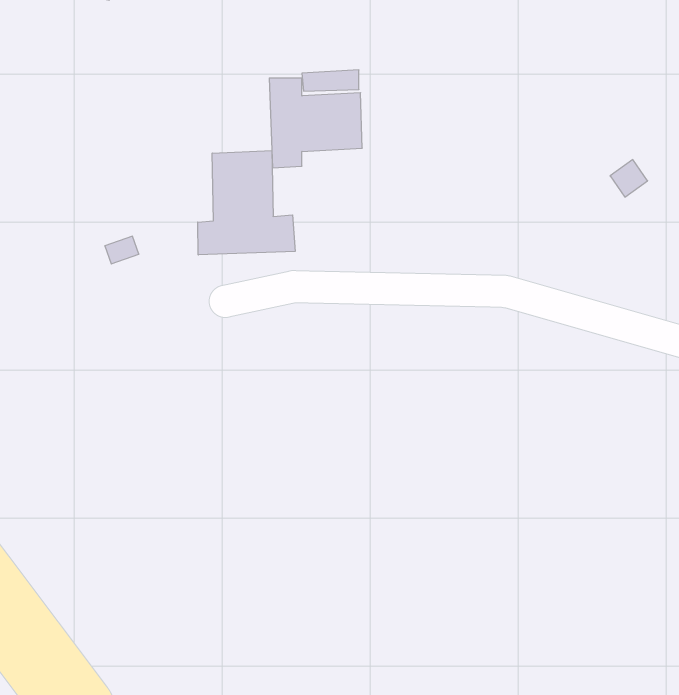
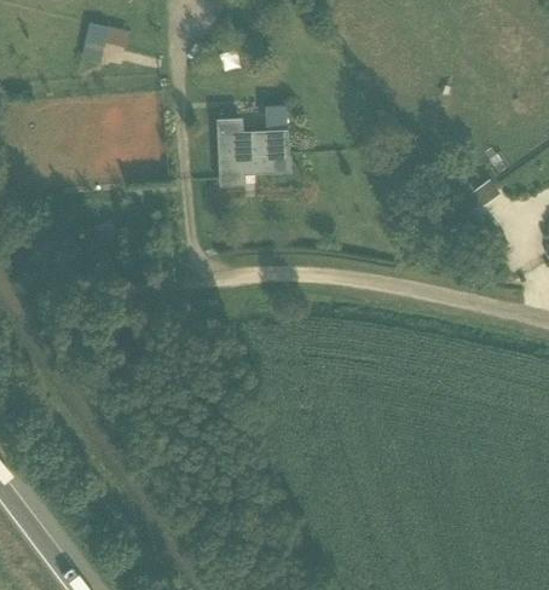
building: [198,150,295,255] -> none

